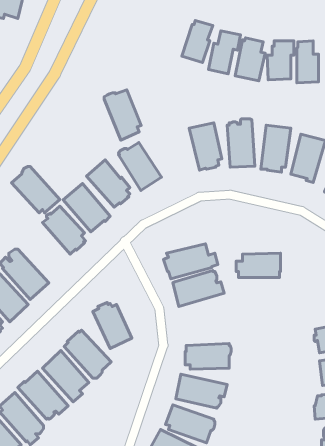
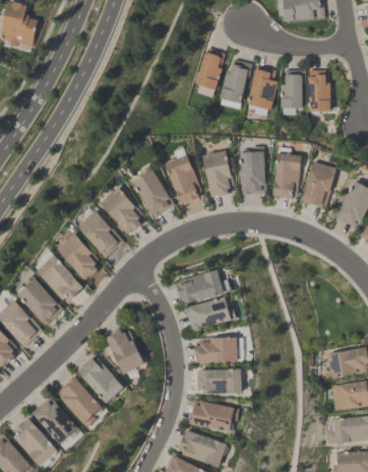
building: [104,90,141,140] -> [165,155,201,205]
building: [12,167,60,213] -> [35,255,82,300]
building: [236,253,280,278] -> [194,337,238,361]

